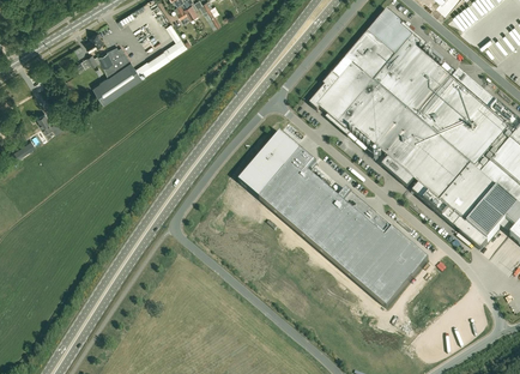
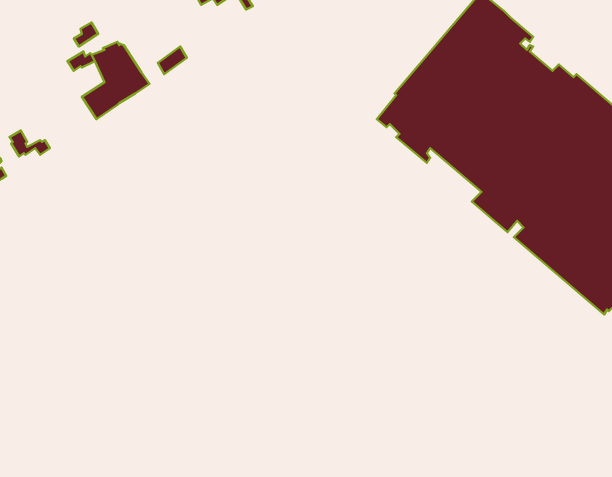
building: [238,131,429,307] -> none

